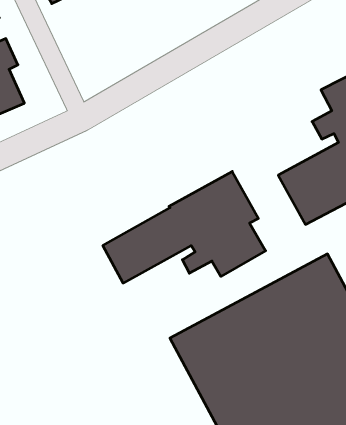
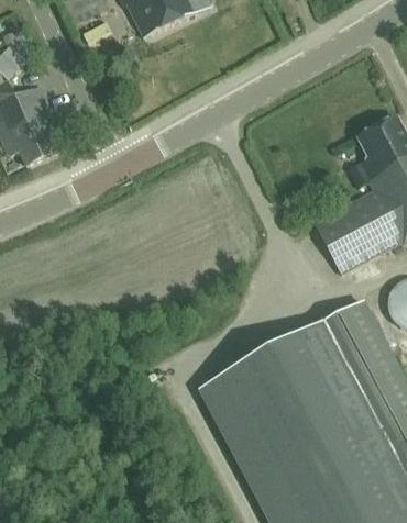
building: [103,171,266,283] -> none

